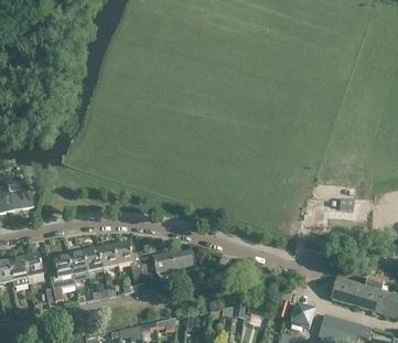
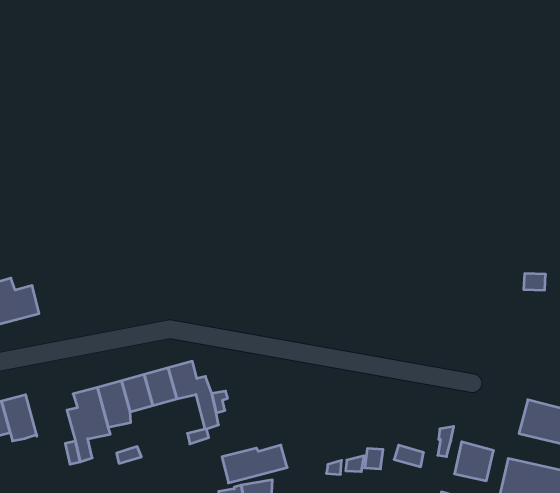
building: [152,249,193,271] -> [222,445,287,483]
building: [23,253,44,282] -> none

